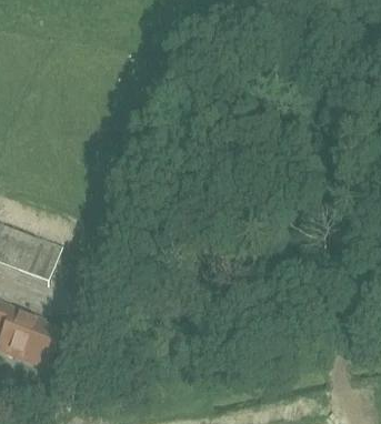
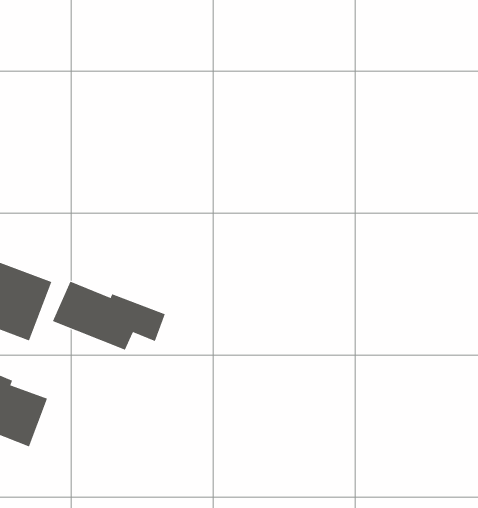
building: none -> [52,281,165,350]

